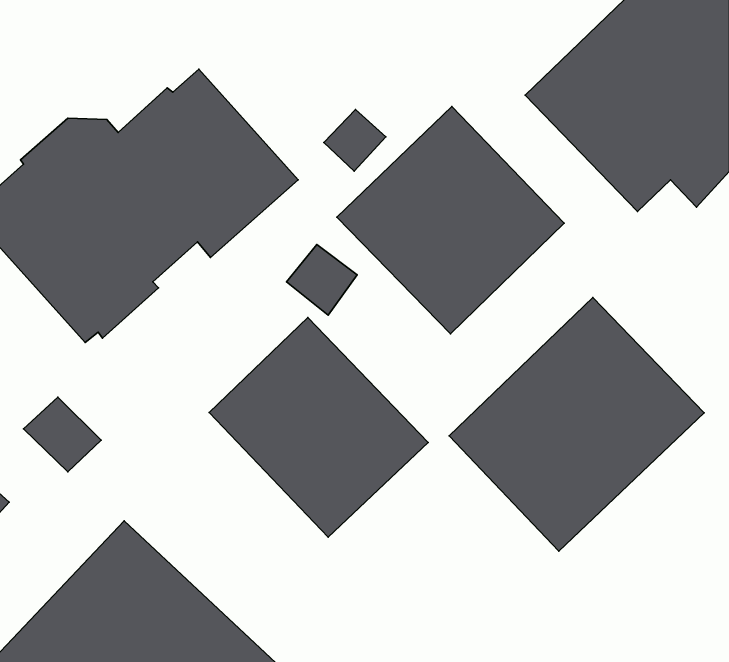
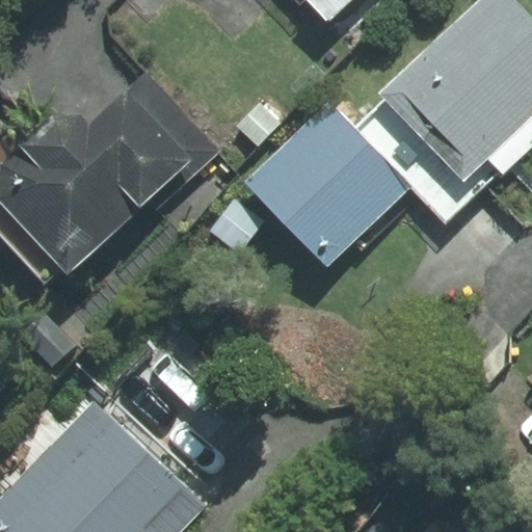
building: [449,297,704,551] -> none
building: [209,318,428,537] -> none

